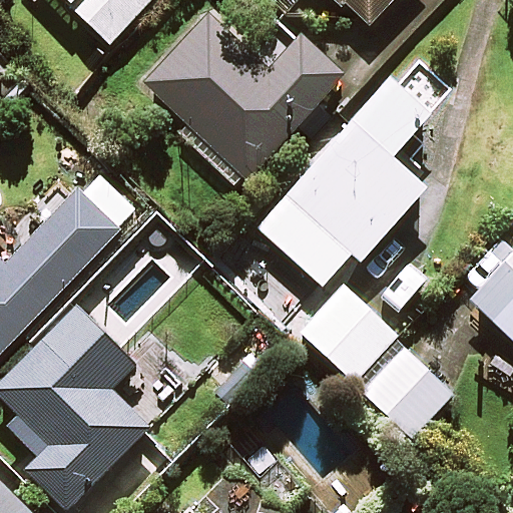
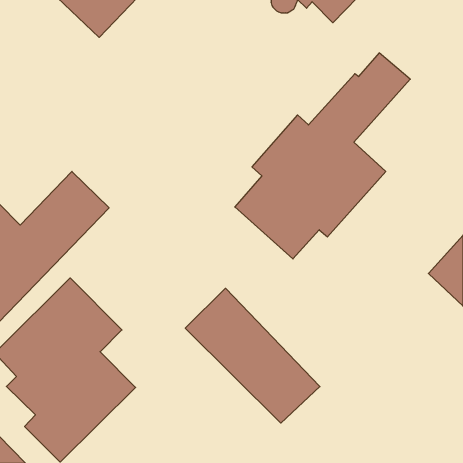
building: [145,15,341,186] -> none
building: [301,286,449,434] -> [185,288,320,423]

